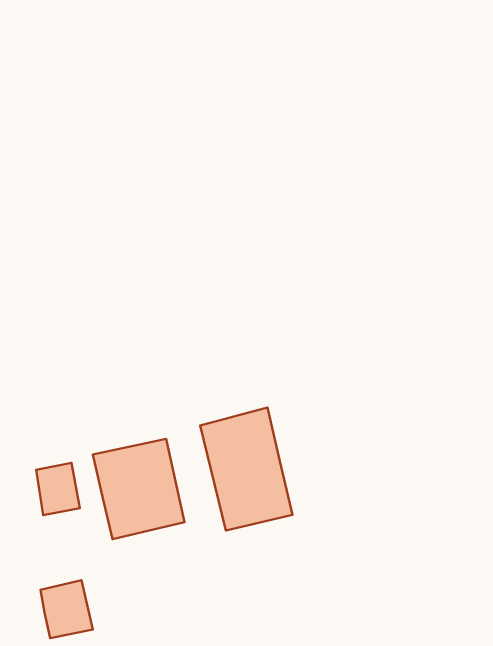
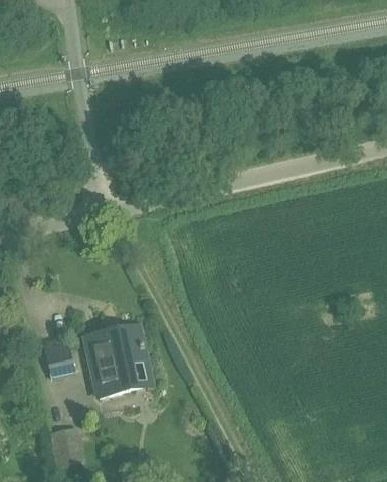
building: [200,408,292,530] -> none

